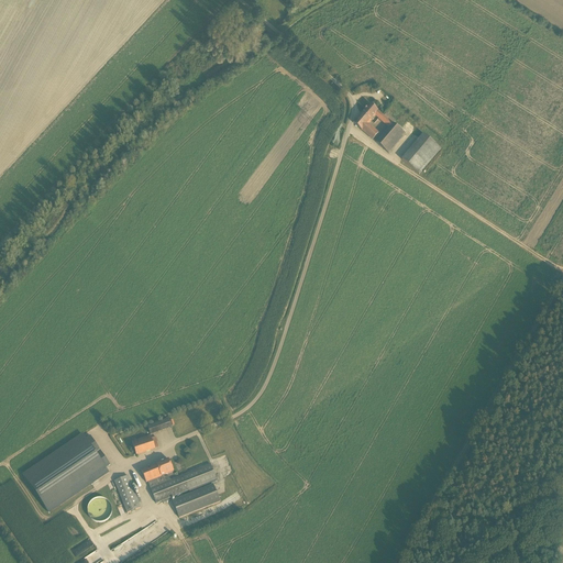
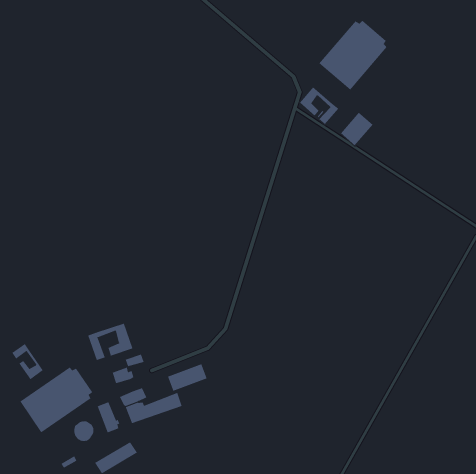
building: none -> [319,20,387,90]
building: none -> [87,323,133,361]
building: none -> [12,343,44,380]
building: [173,483,220,516] -> [167,363,207,391]

